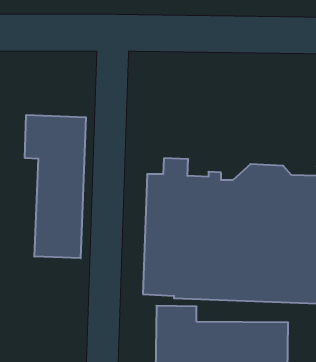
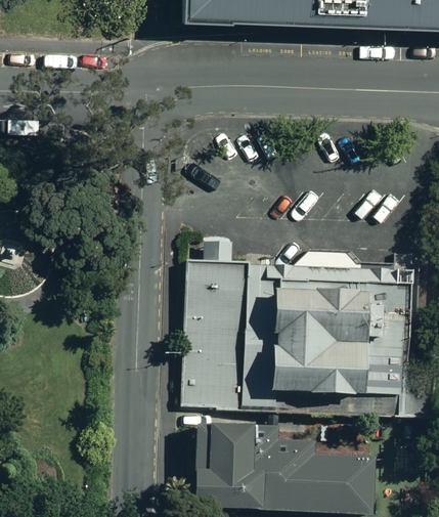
building: [25,115,86,258] -> none

